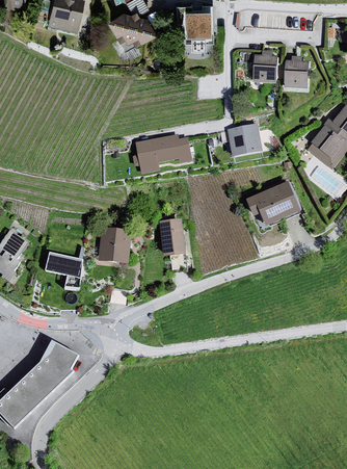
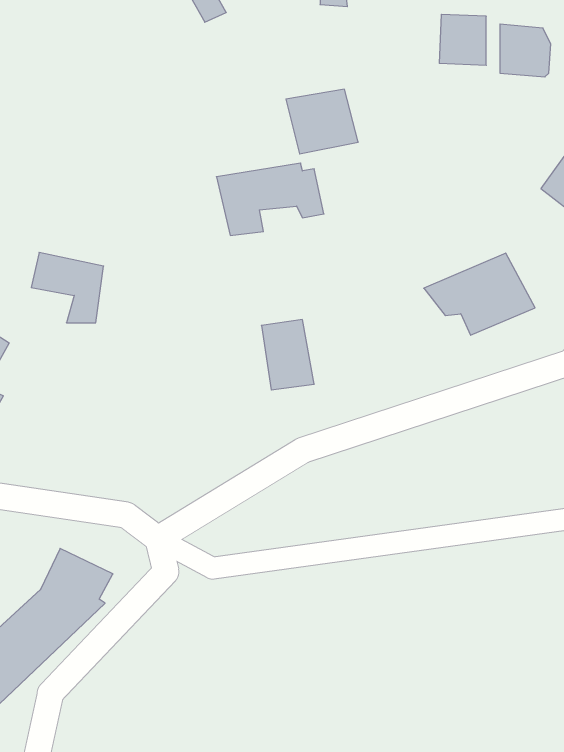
building: [225,124,264,158] -> [286,89,358,154]
building: [96,227,130,262] -> none
building: [41,247,79,285] -> [31,252,104,323]

